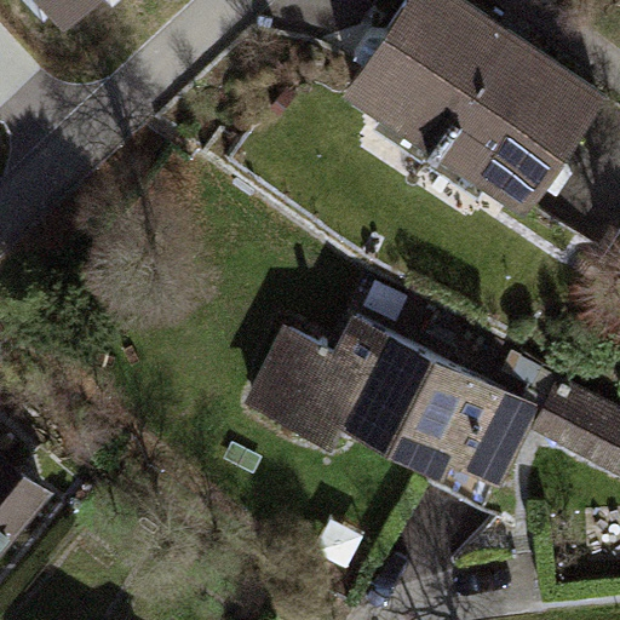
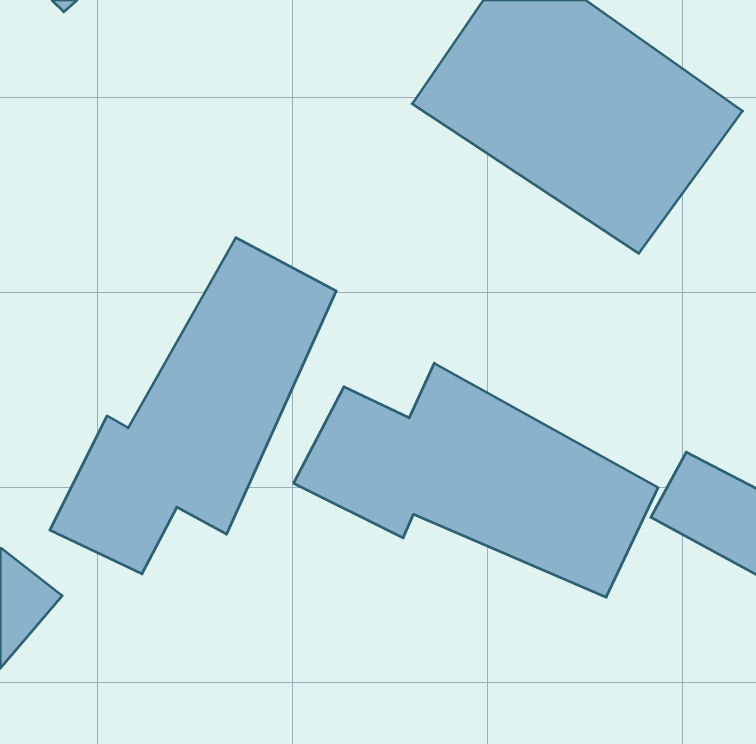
building: none -> [50,238,336,574]

